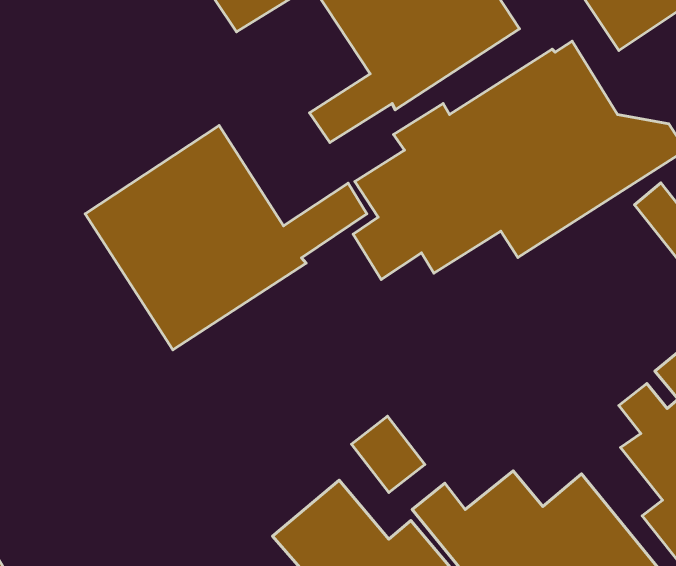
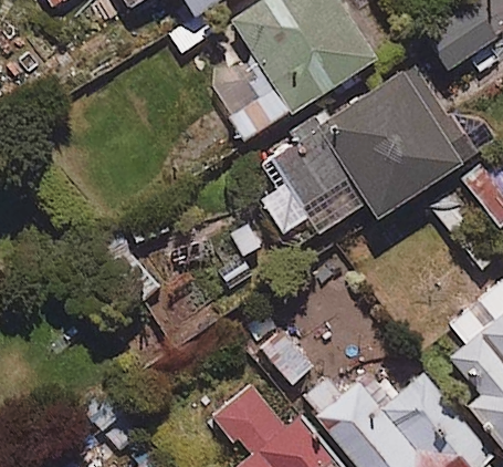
building: [85,126,367,350] -> none

